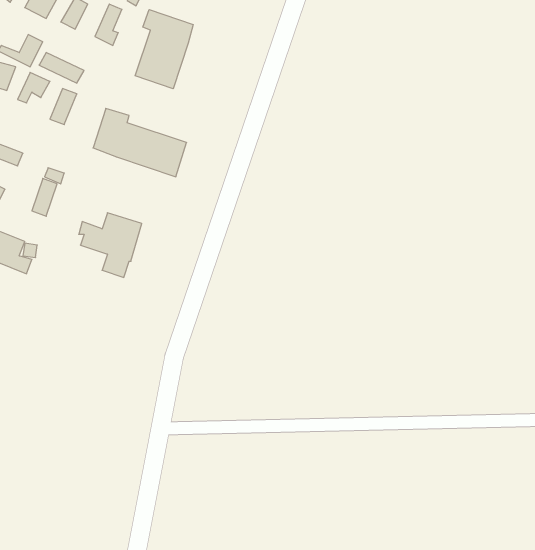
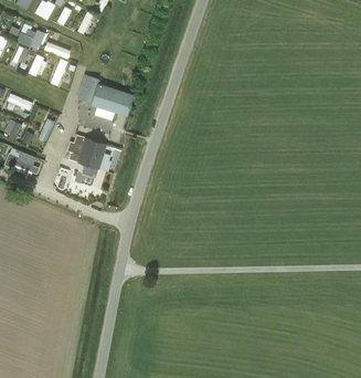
building: [135,10,193,89] -> none

